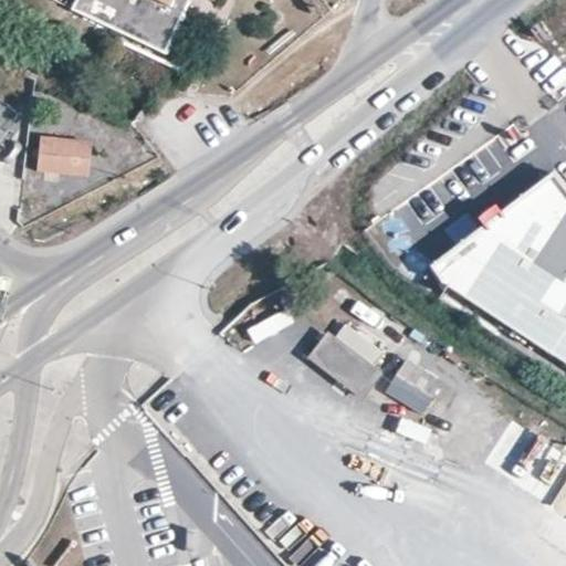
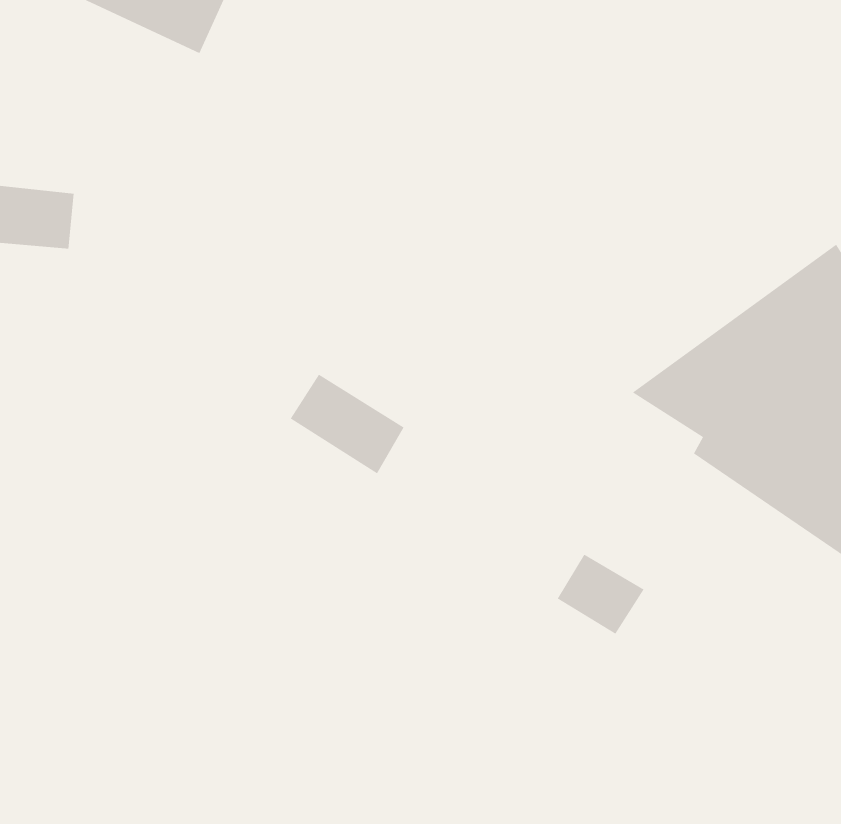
building: [318,334,389,396] -> [290,374,404,474]

